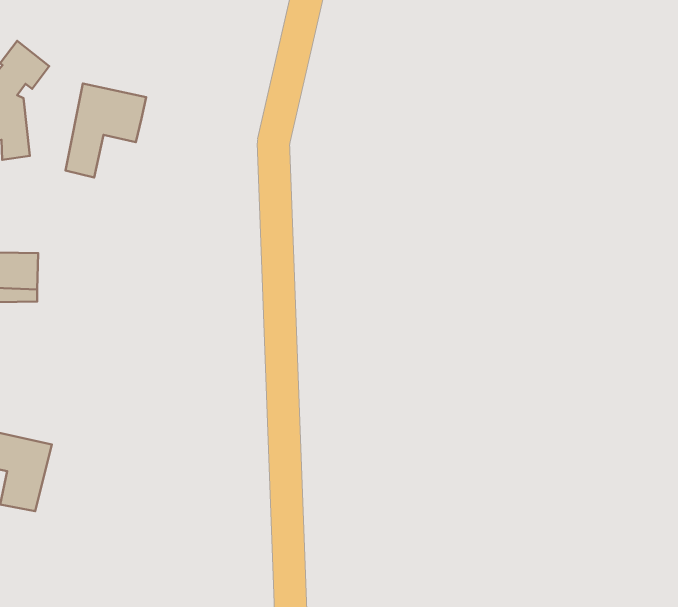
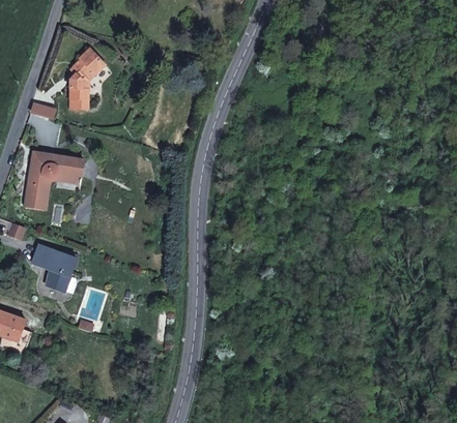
building: [66,83,146,178] -> none

